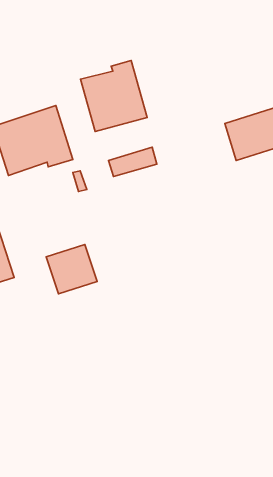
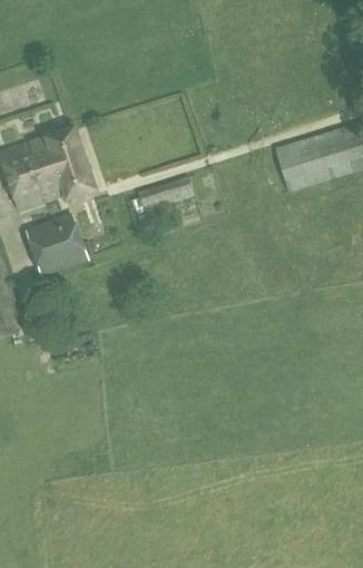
building: [81,60,147,132] -> none
building: [46,245,97,294] -> [26,215,86,273]

